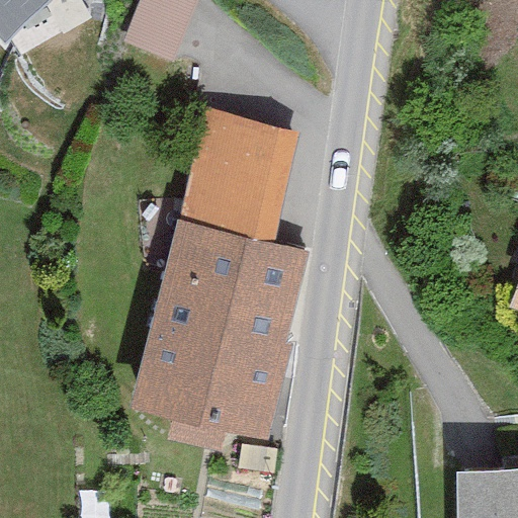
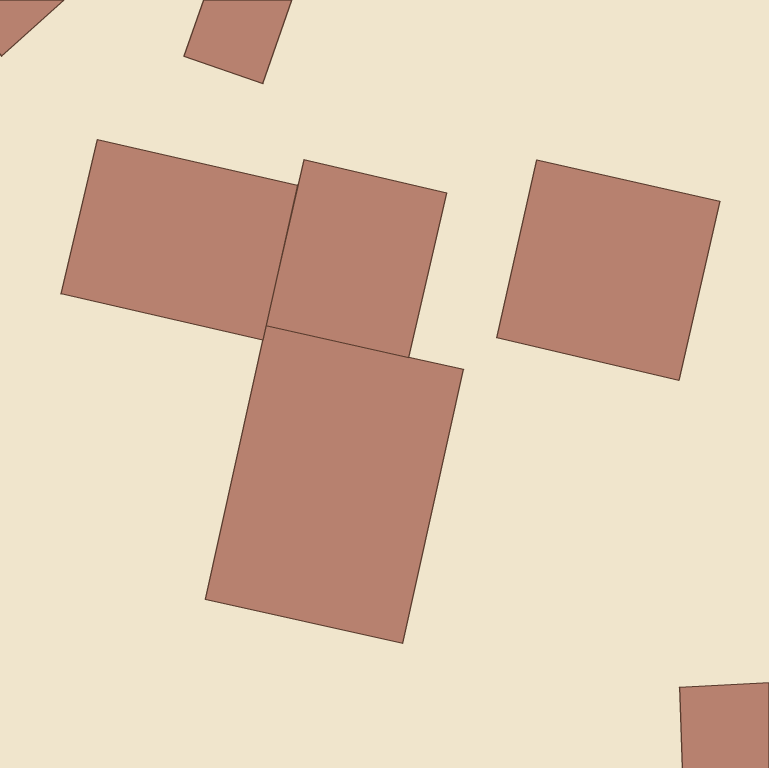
building: none -> [61,140,297,340]
building: none -> [497,160,720,380]

